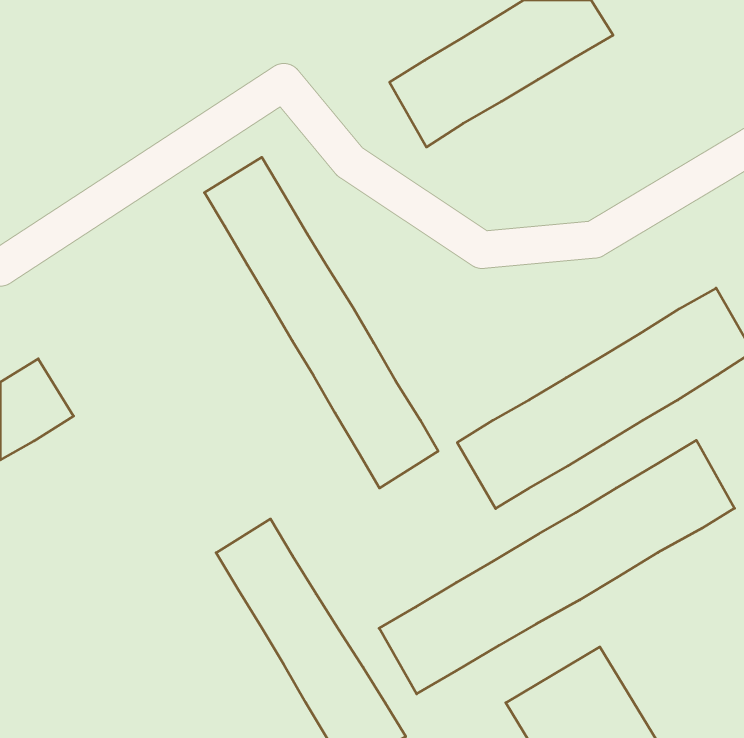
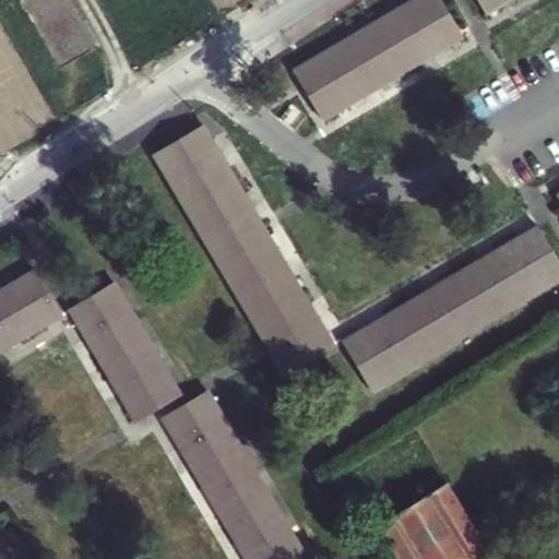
building: none -> [69,286,180,425]
building: [379,440,735,694] -> none

